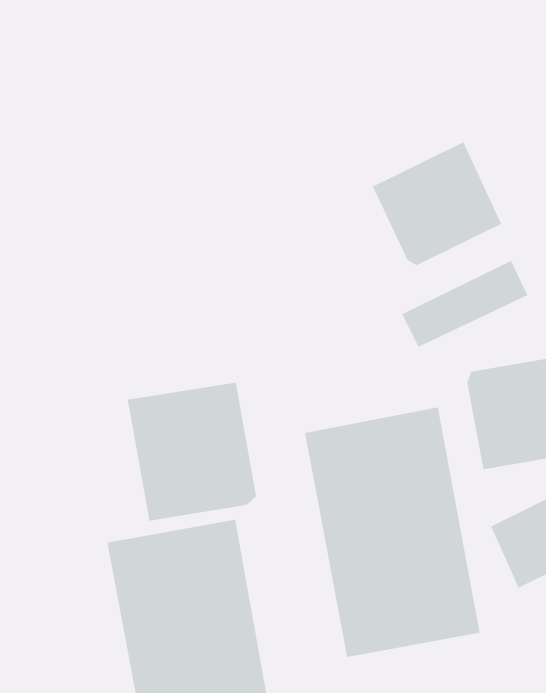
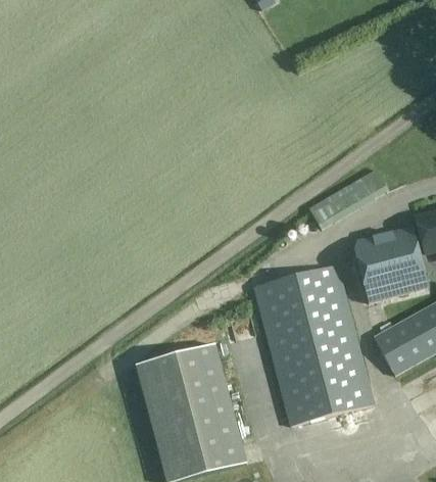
building: [372,141,502,266] -> none
building: [127,382,257,522] -> none

